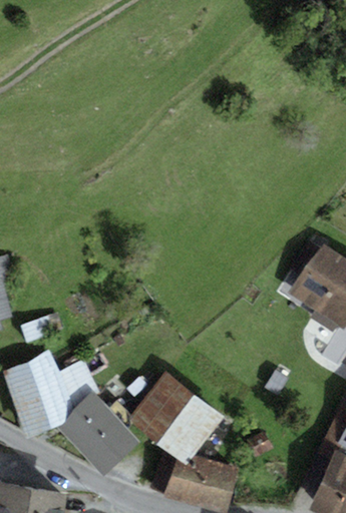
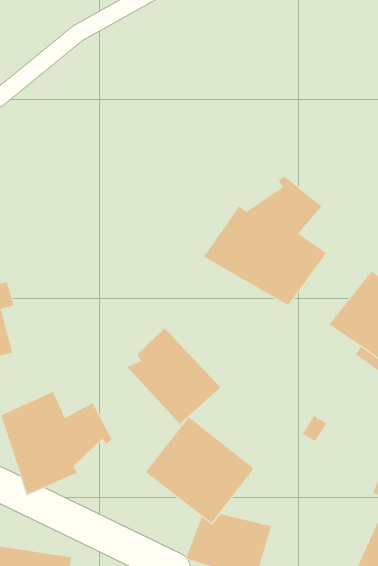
building: none -> [203,175,327,306]
building: [58,393,140,477] -> [126,328,221,425]

